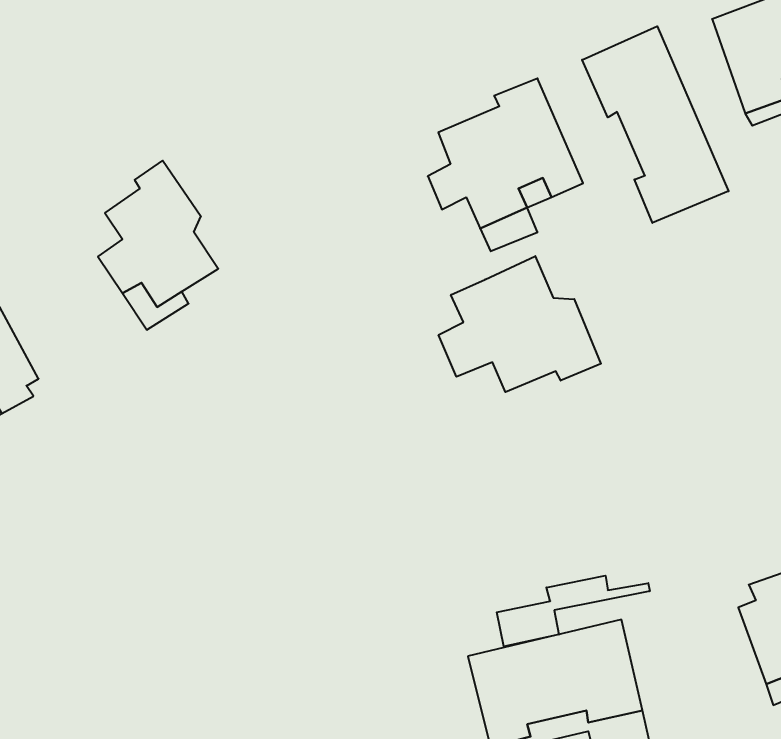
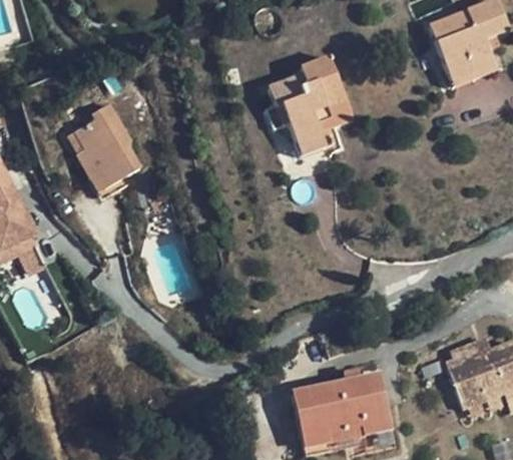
building: [582,26,729,223] -> none
building: [439,256,601,392] -> none
building: [497,576,650,647] -> none

